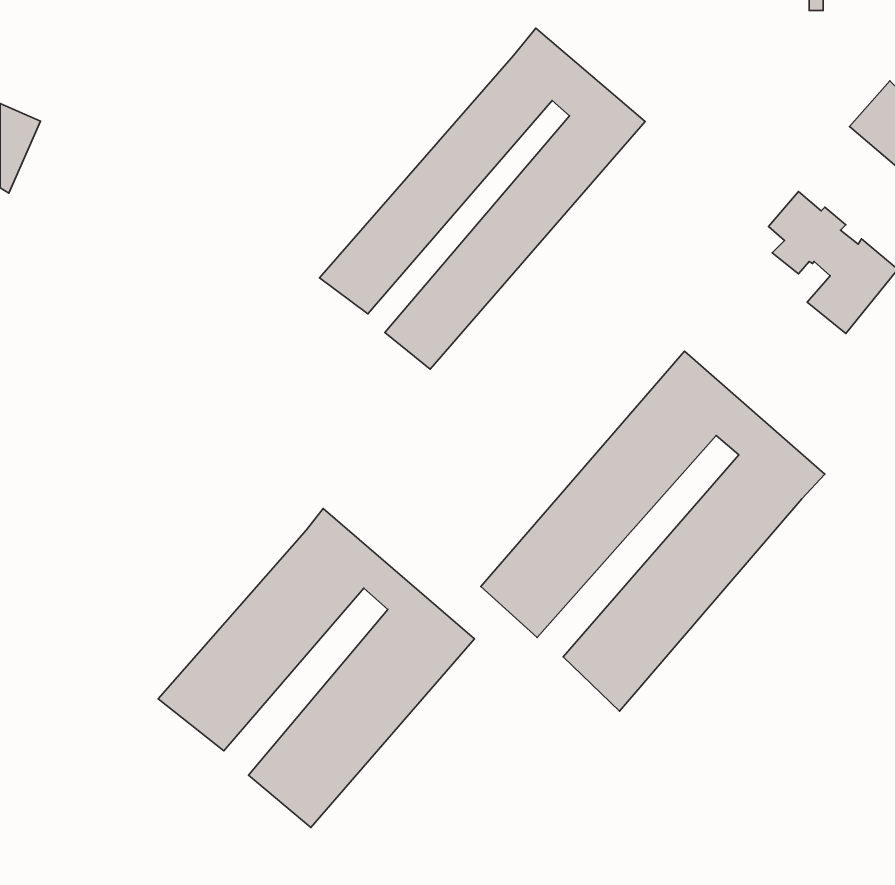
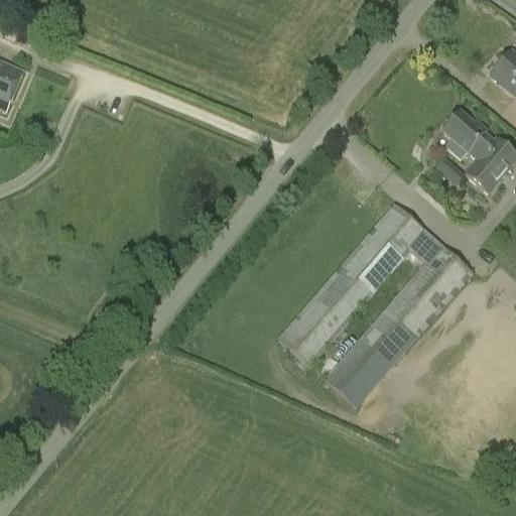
building: [319,28,645,369] -> none
building: [158,509,474,827] -> none

